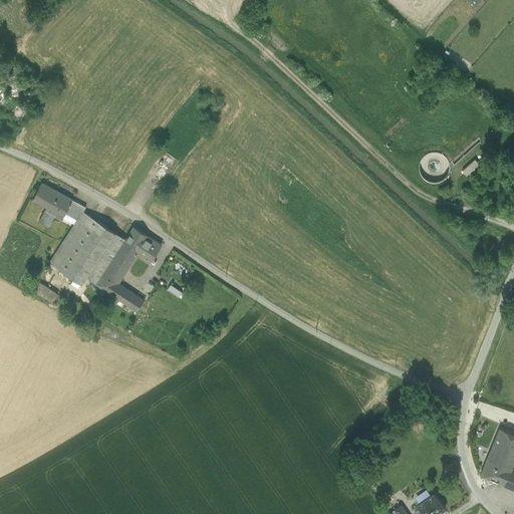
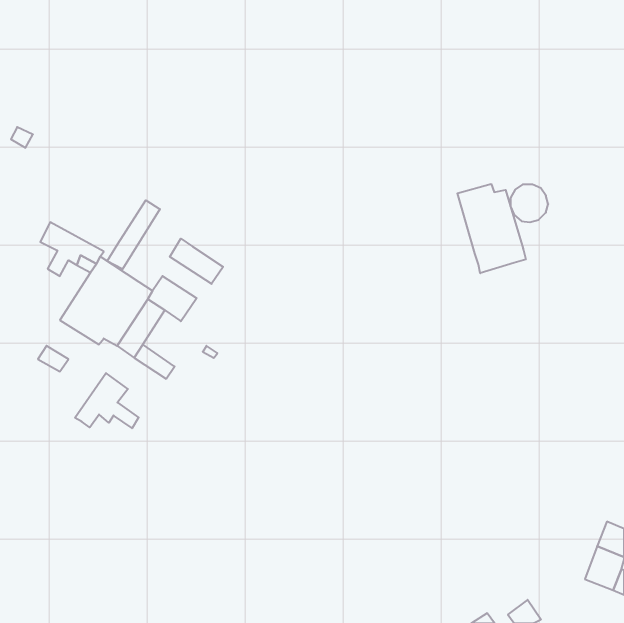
building: none -> [457,184,526,273]
building: none -> [107,200,160,269]
building: none -> [170,239,223,284]
building: none -> [75,373,139,428]

